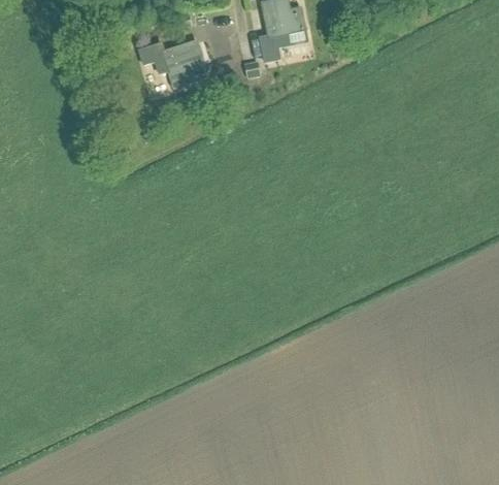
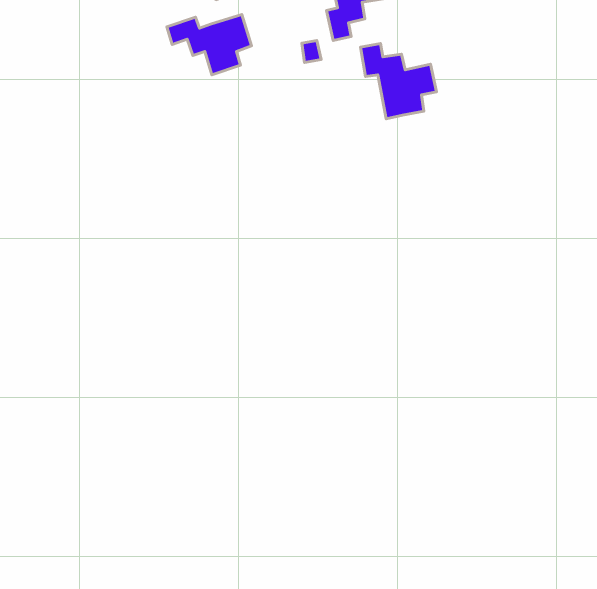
building: none -> [360,44,436,119]

